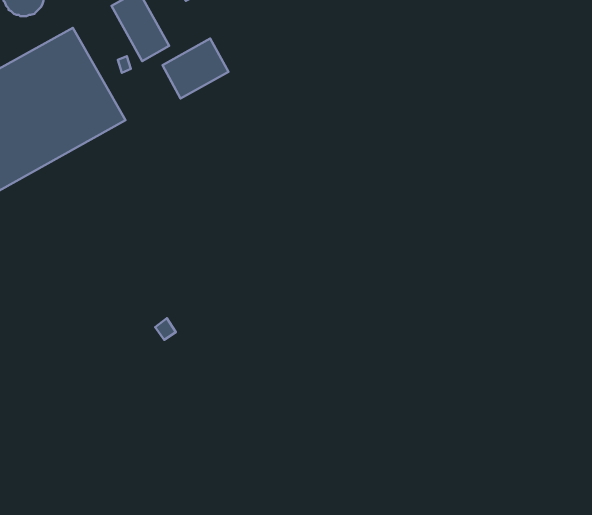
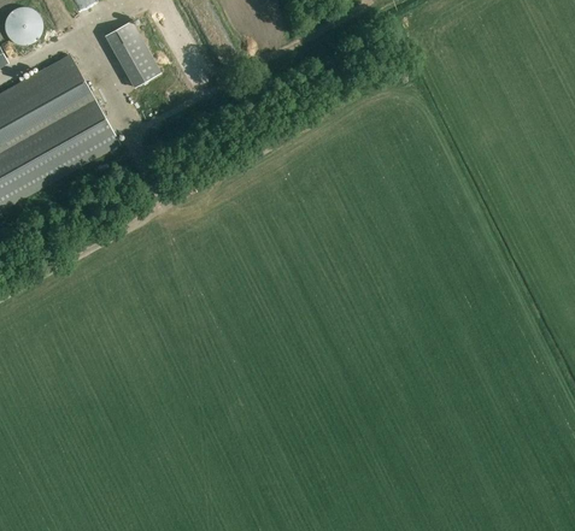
building: [162,39,228,98] -> none

